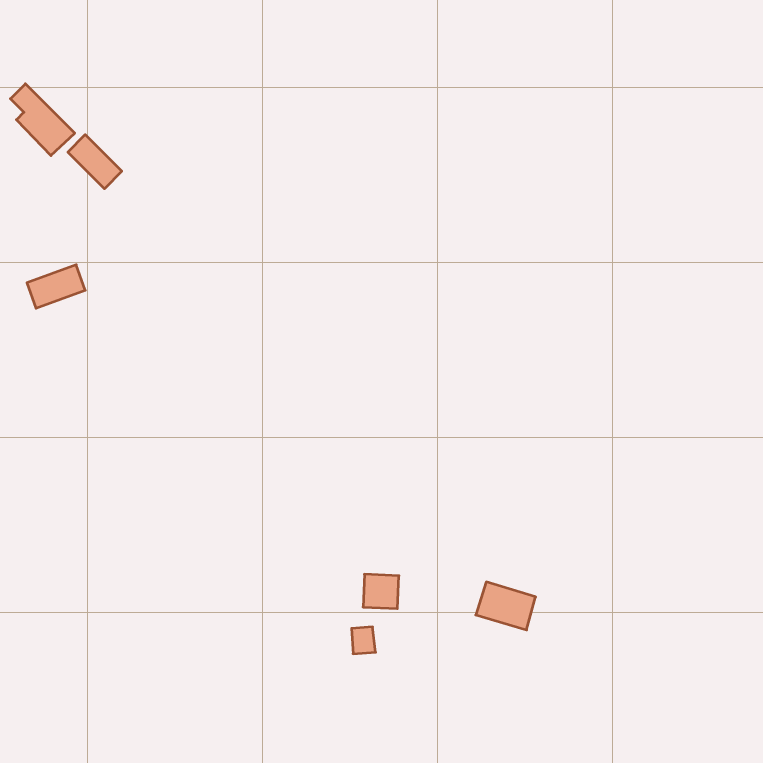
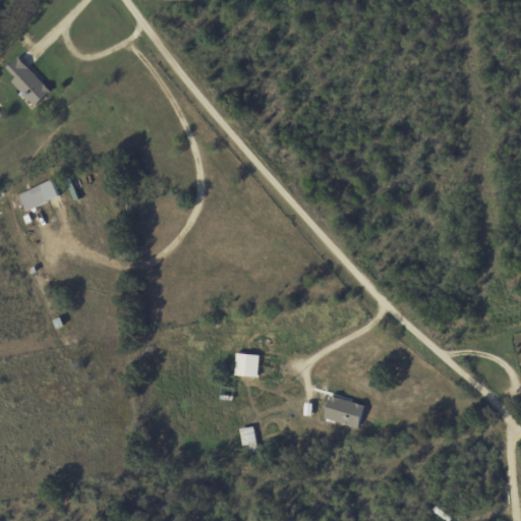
building: [68,135,122,189] -> none
building: [363,574,399,609] -> [234,353,258,377]

